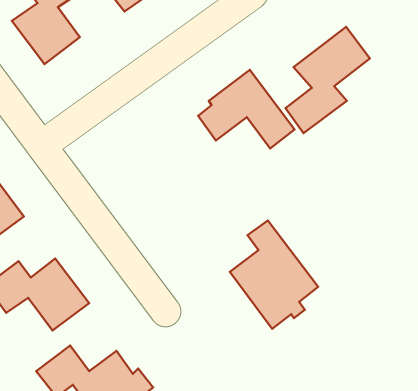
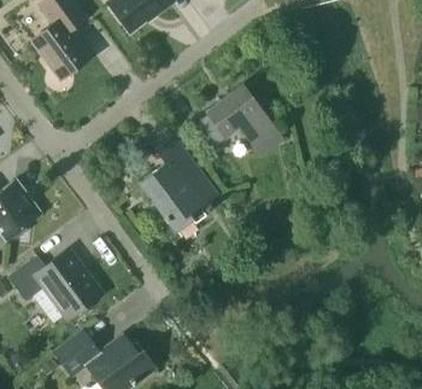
building: [285,27,370,133] -> none
building: [230,220,318,329] -> [139,135,217,232]

